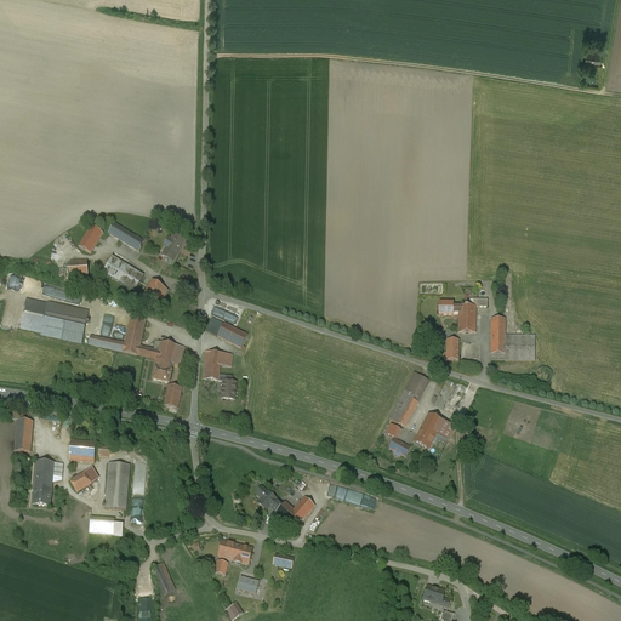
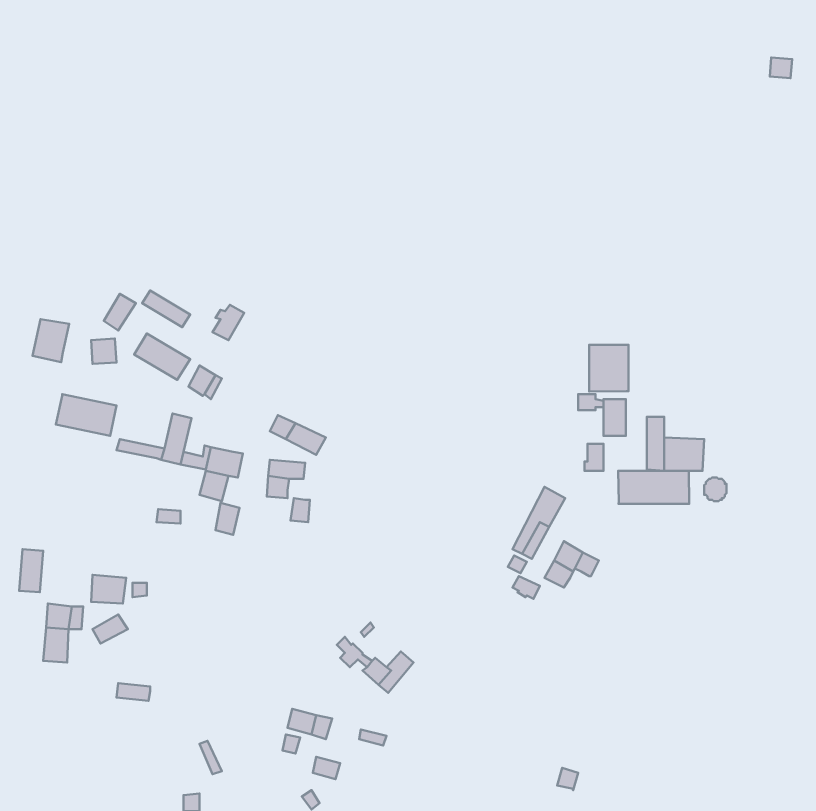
building: none -> [589,345,629,391]
building: [19,297,47,330] -> [33,319,69,362]
building: none -> [618,471,689,504]
building: [104,461,130,507] -> none

